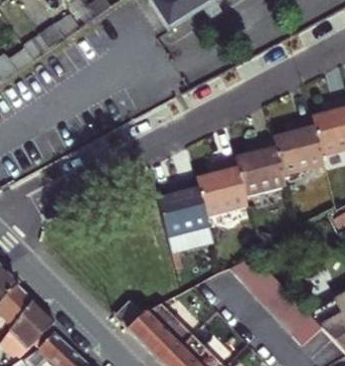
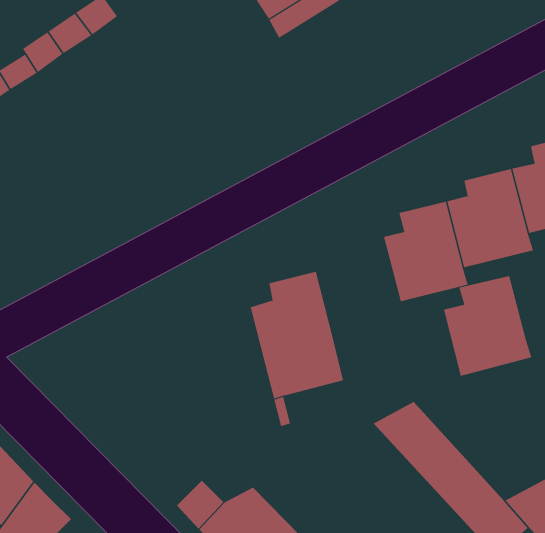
building: [197,157,249,216] -> [443,275,532,376]

